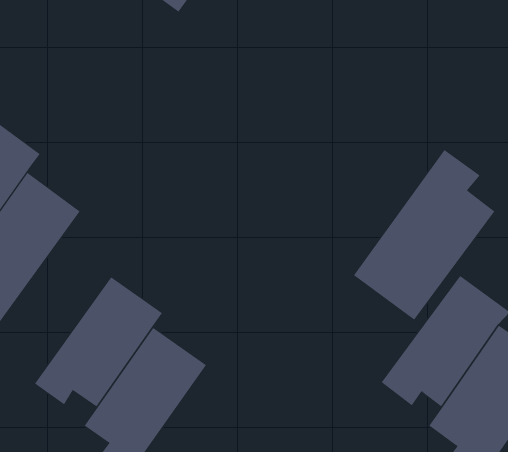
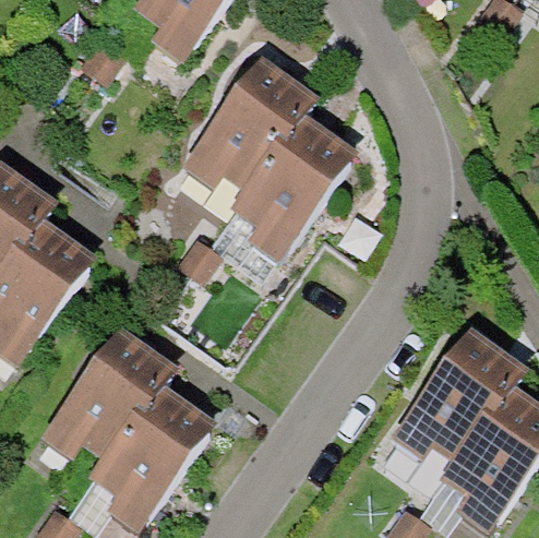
building: none -> [164,58,295,190]
building: none -> [227,116,358,271]
building: [353,149,495,321] -> none

